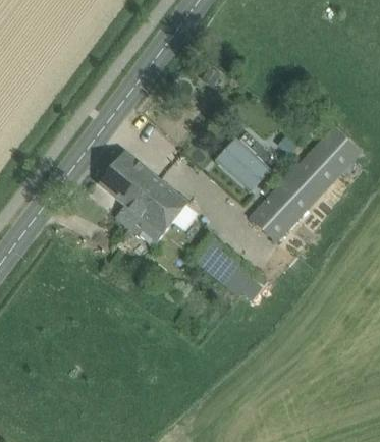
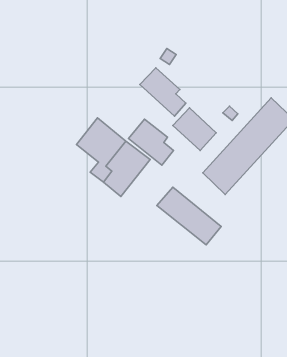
building: none -> [140,68,186,116]
building: none -> [128,119,173,165]

